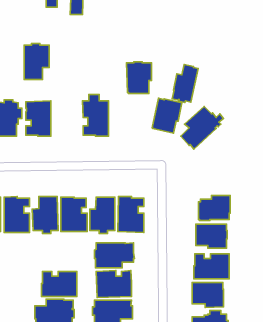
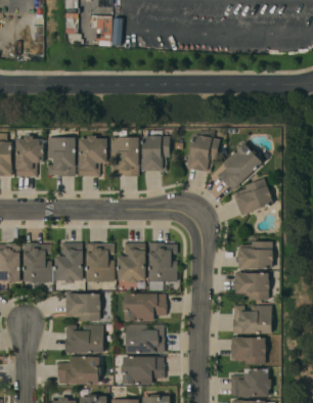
building: [24,43,49,80] -> [79,136,106,176]
building: [126,62,152,93] -> [141,136,169,171]
building: [172,65,198,103] -> none
building: none -> [232,178,273,216]
building: none -> [65,294,100,321]

